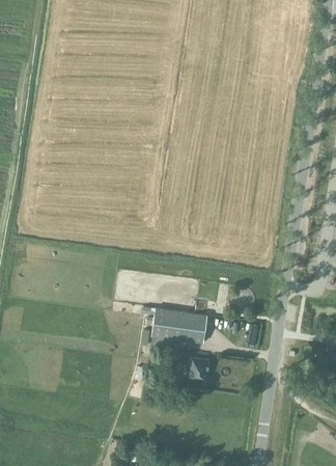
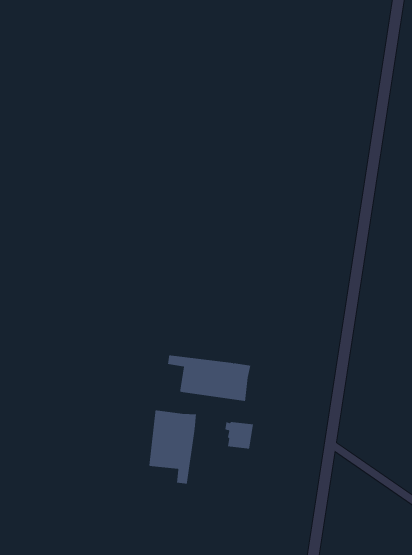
building: none -> [149,409,197,485]

